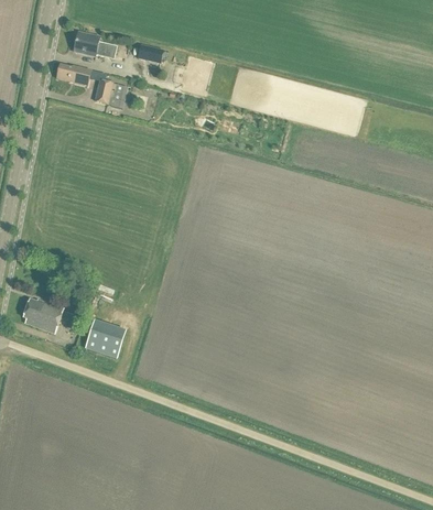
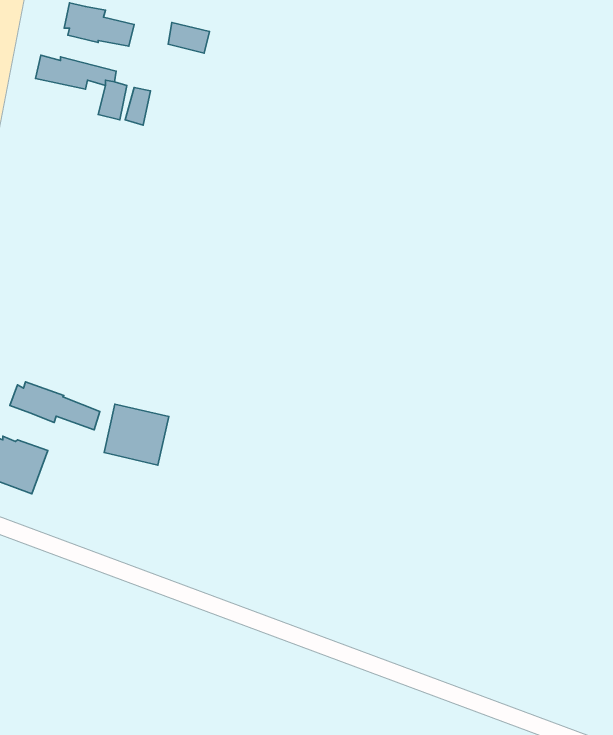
building: none -> [10,382,100,430]
building: [89,319,129,357] -> [104,404,169,465]

